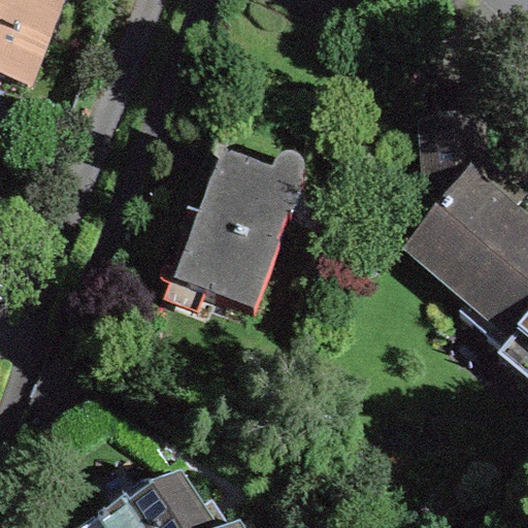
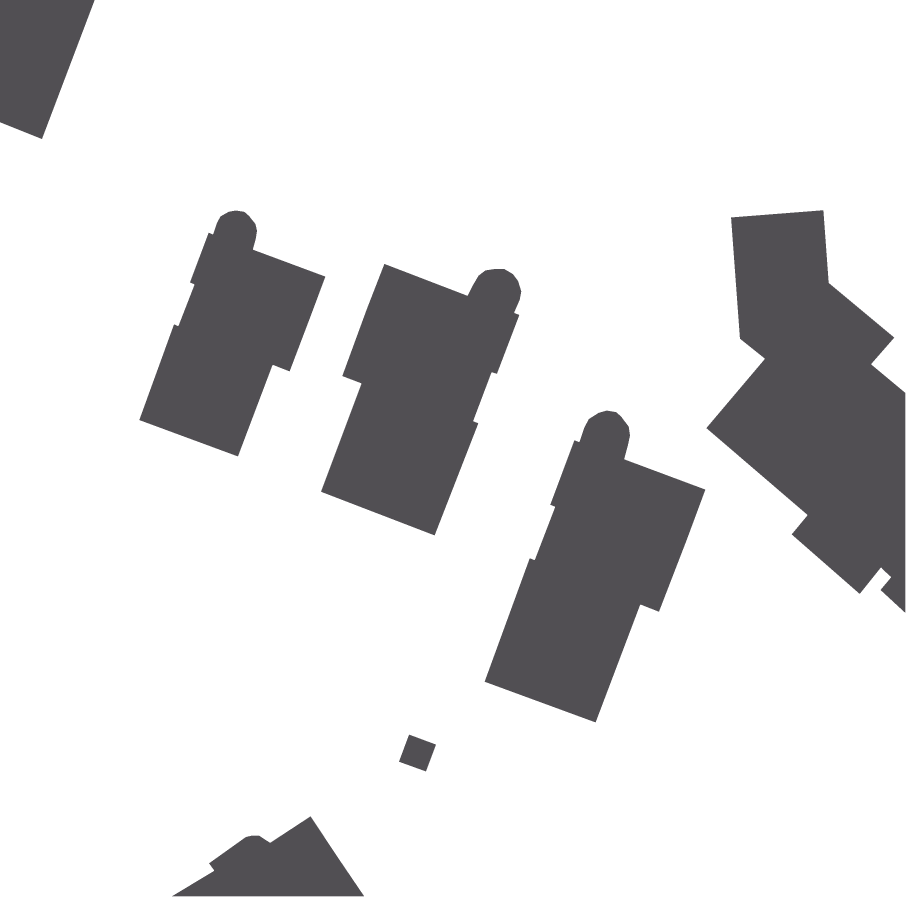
building: none -> [138,210,326,458]
building: none -> [484,410,706,724]

